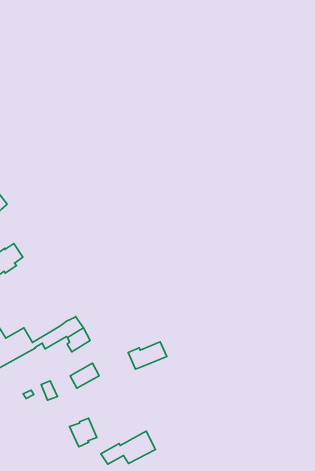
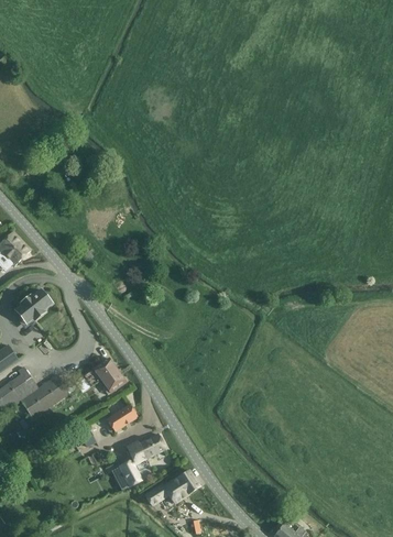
building: [128,342,167,369] -> [125,435,165,464]

